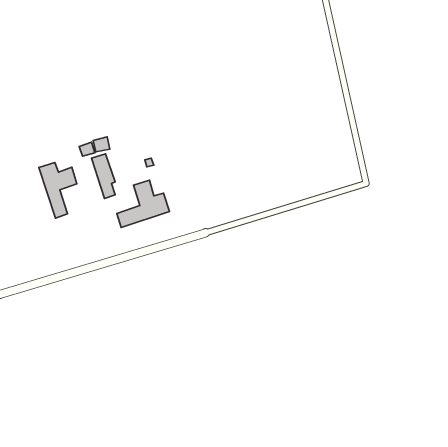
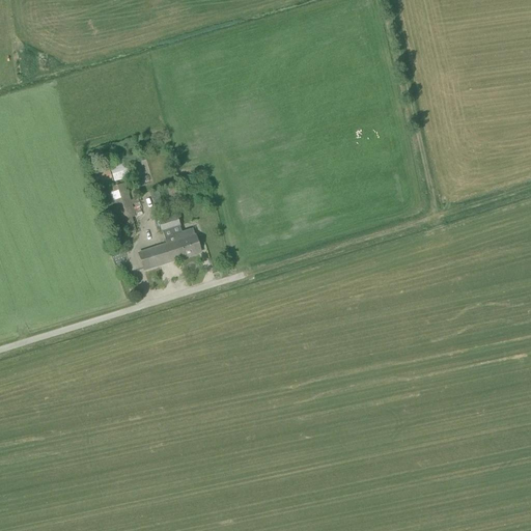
building: [39,163,77,218] -> none

